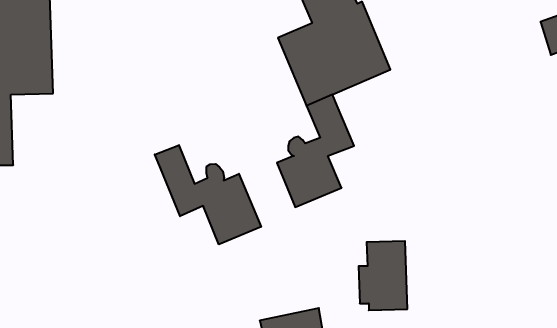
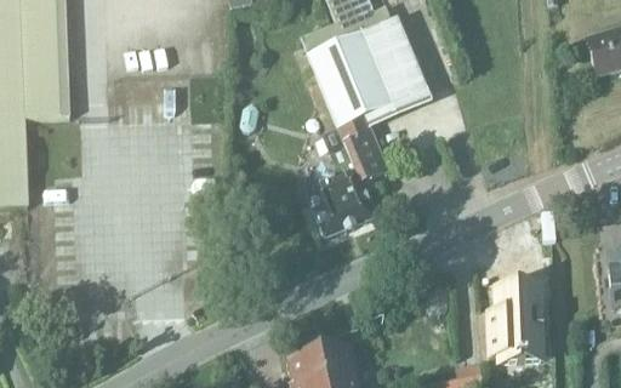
building: [155,145,261,244] -> none
building: [359,241,407,310] -> [492,280,545,354]

